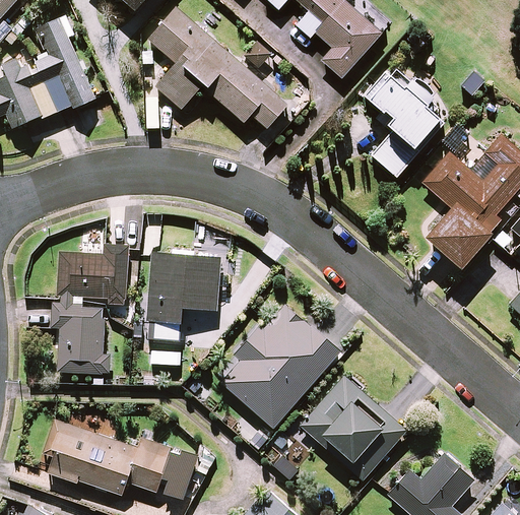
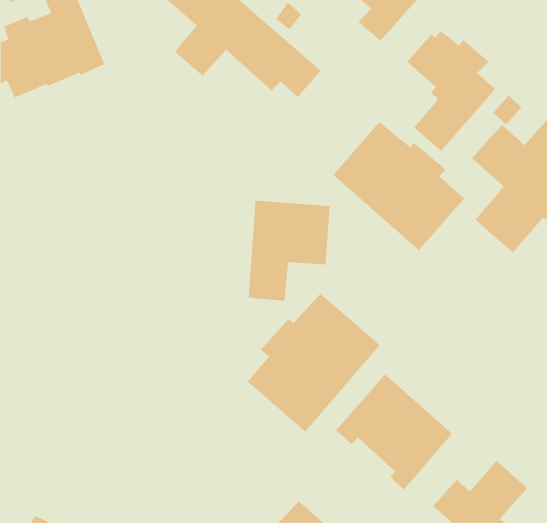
building: none -> [332,121,465,251]
building: [52,246,128,374] -> none
building: [145,252,219,342] -> [248,200,331,301]
building: [44,420,198,499] -> none

